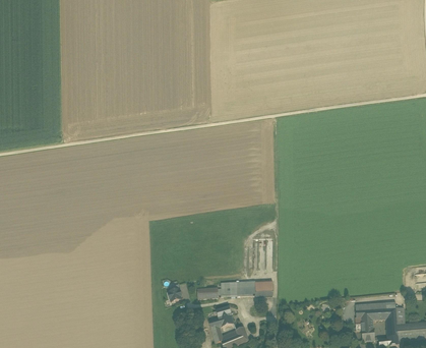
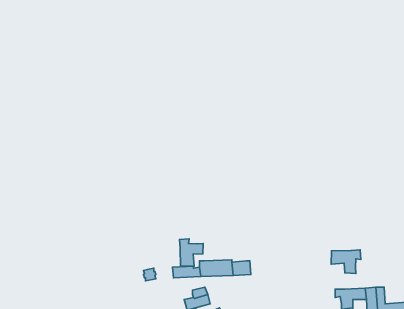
building: none -> [179,239,203,266]
building: none -> [331,250,361,273]

